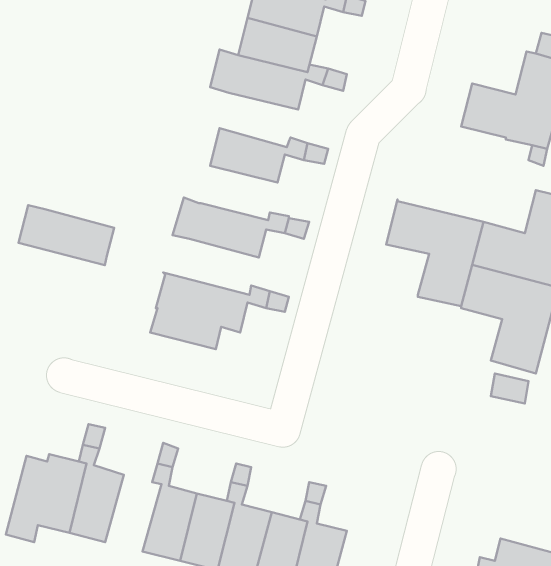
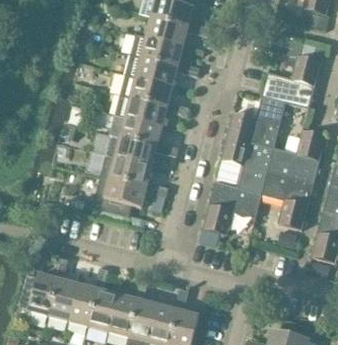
building: none -> [130,78,173,108]
building: none -> [226,96,285,148]
building: none -> [120,118,161,147]
building: [19,205,114,265] -> [99,155,151,188]
building: none -> [202,182,261,235]
building: none -> [68,285,98,327]

